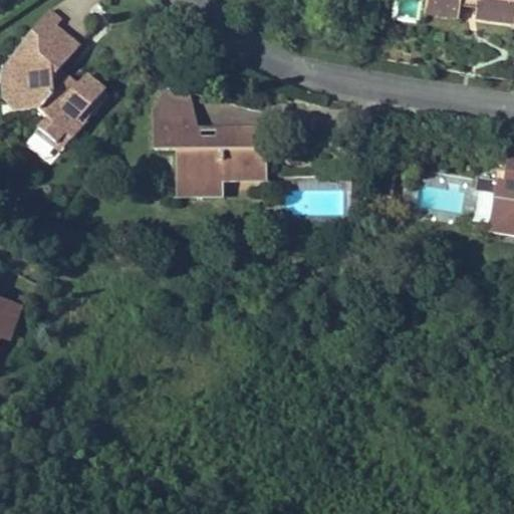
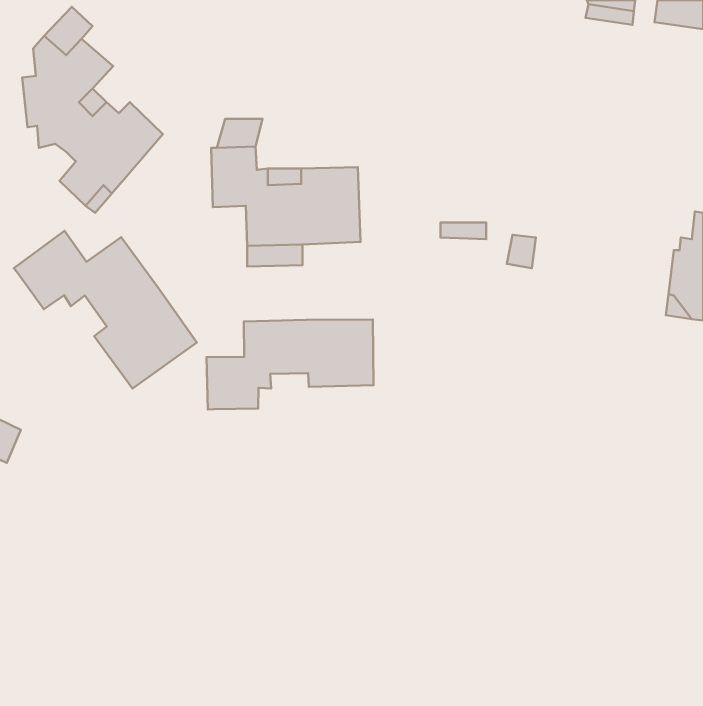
building: [5,56,48,115] -> none
building: none -> [14,231,197,389]
building: none -> [206,319,373,409]

